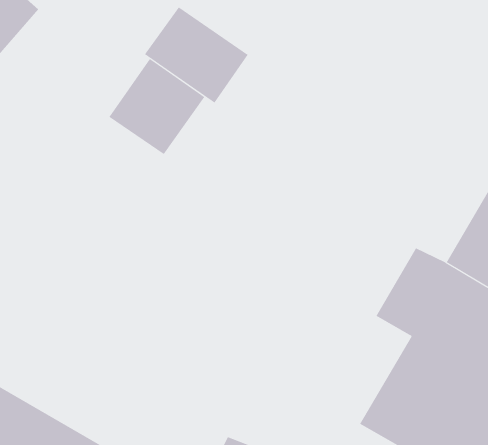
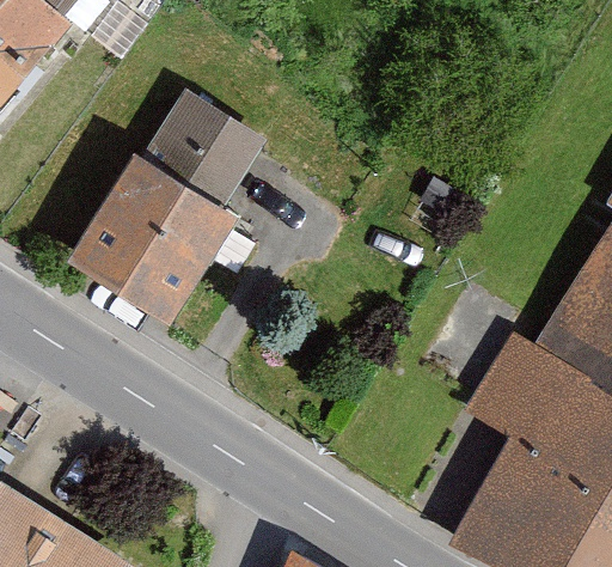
building: [144,7,249,104] -> none
building: none -> [55,147,225,321]

